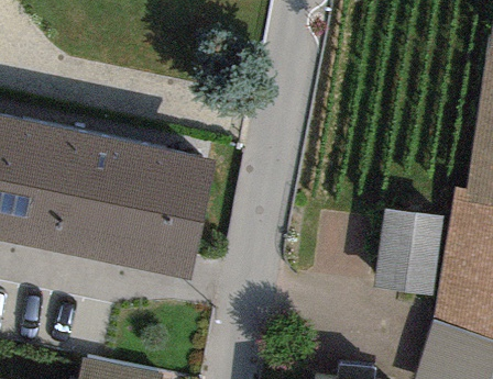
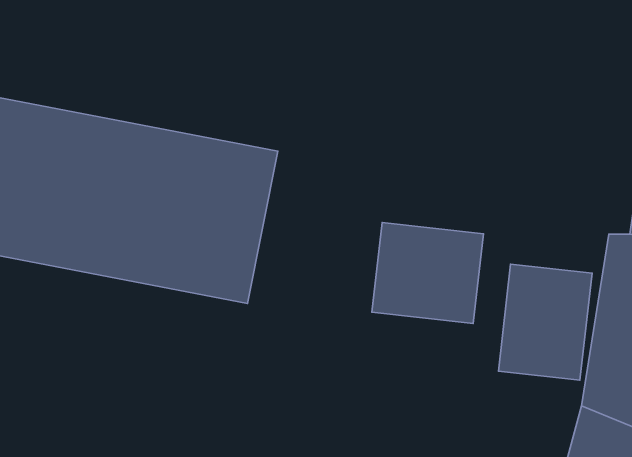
building: none -> [372,222,483,324]

